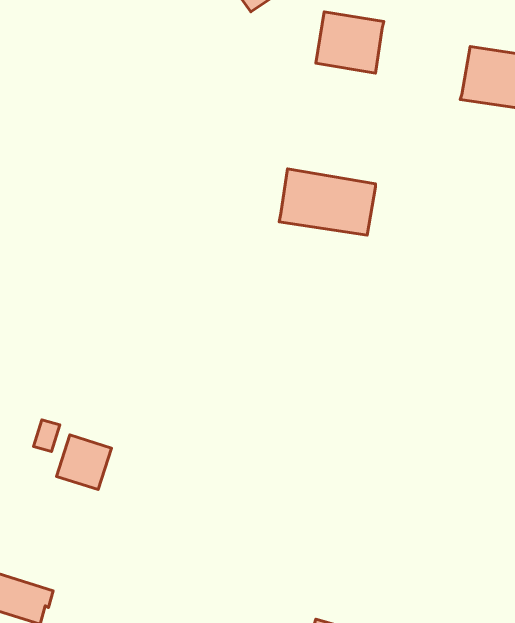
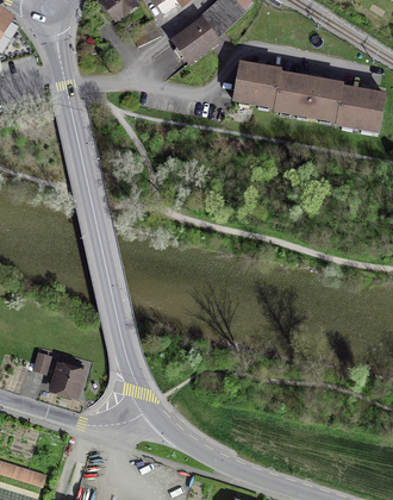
building: [279,169,376,235] -> [276,73,345,120]

